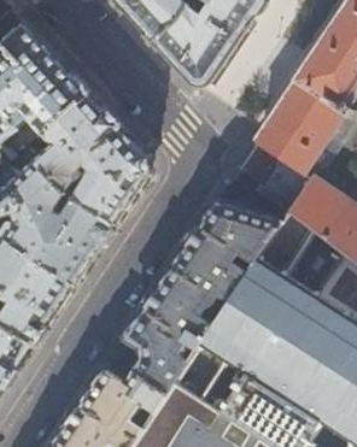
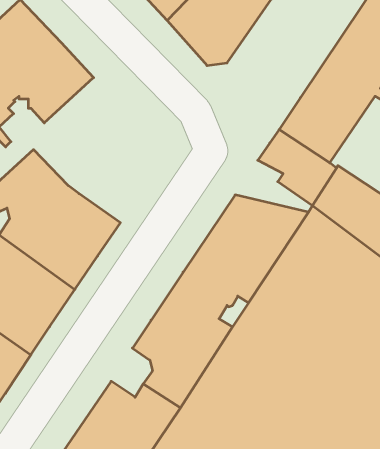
building: [35,94,147,225] -> none

